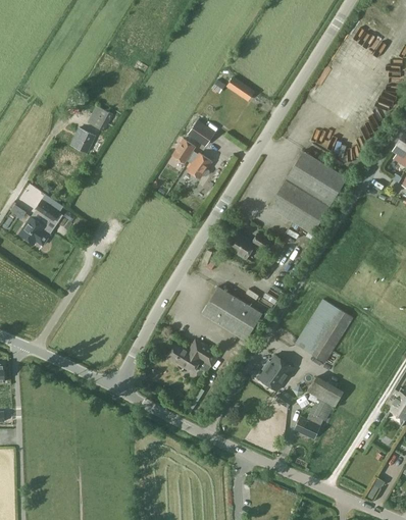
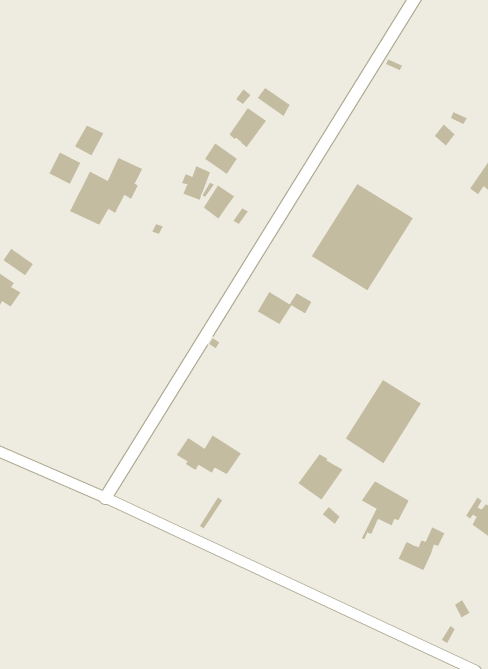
building: none -> [229,107,267,148]
building: none -> [69,157,143,225]
building: [201,285,261,340] -> none
building: [294,405,329,438] -> [398,526,445,571]

